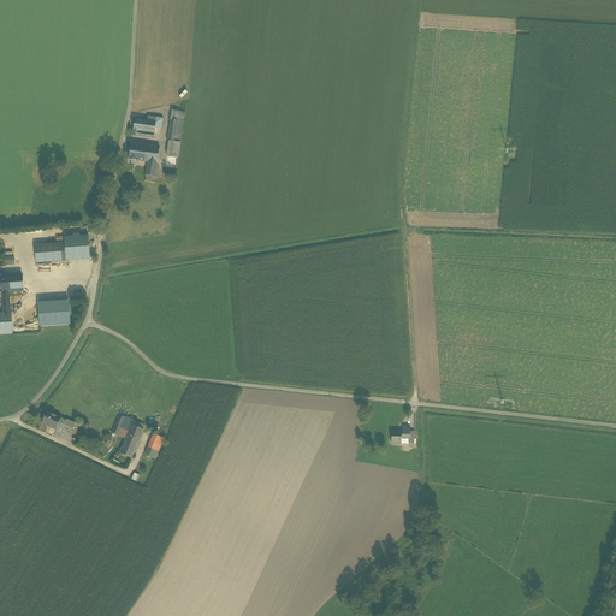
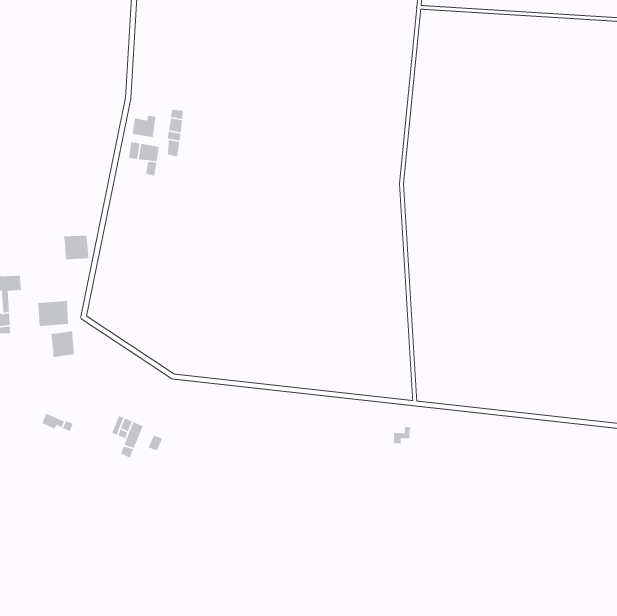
building: [34,241,65,261] -> none
building: none -> [51,330,75,358]

